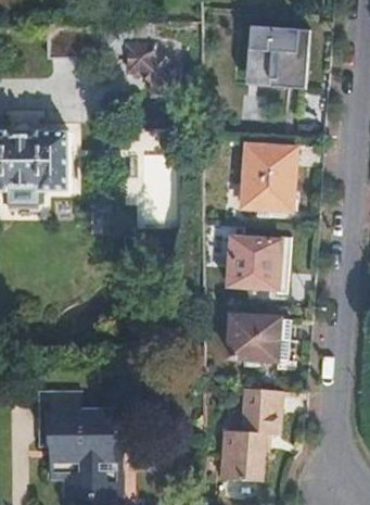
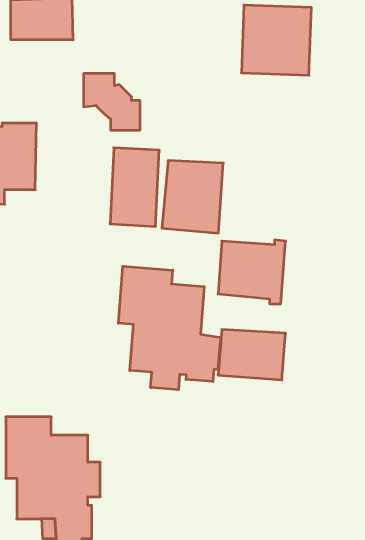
building: [126,45,176,94] -> [84,74,140,130]
building: [240,144,294,209] -> [162,161,223,233]
building: none -> [118,266,220,390]
building: [219,387,277,479] -> none

